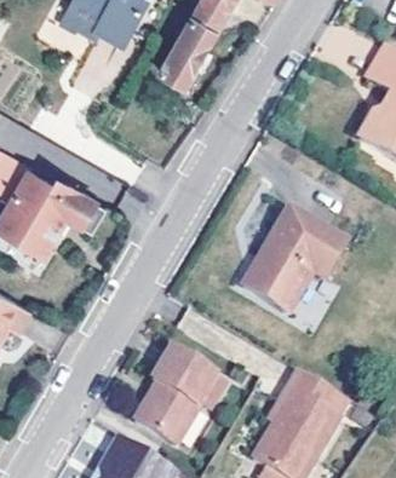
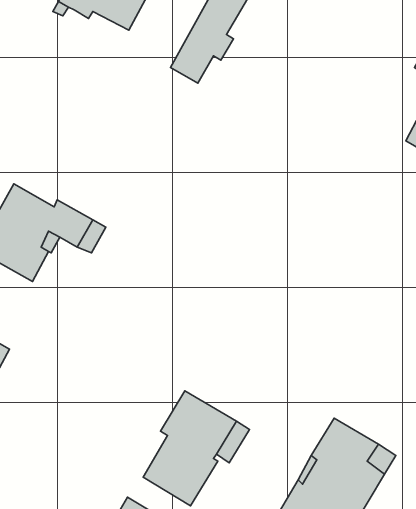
building: [243,206,348,309] -> none

